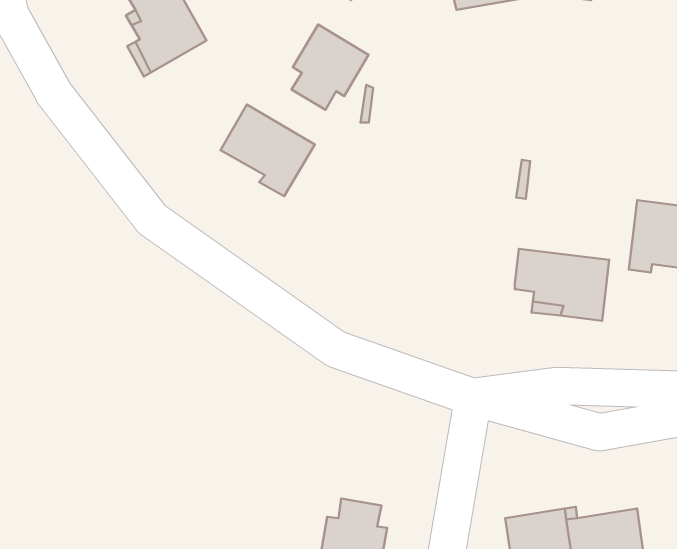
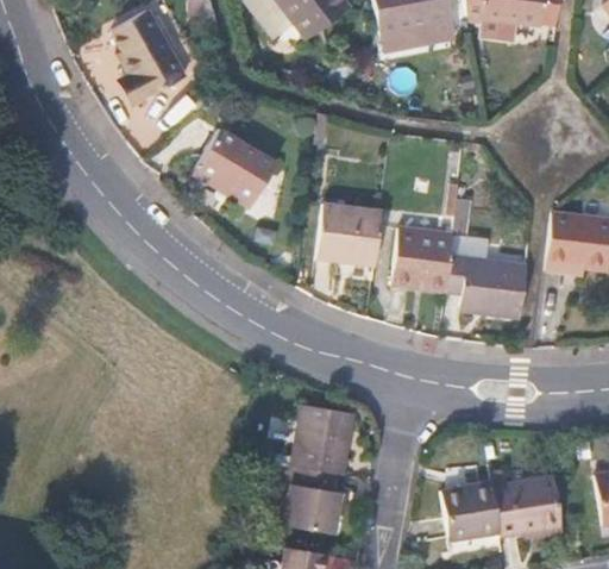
building: [291,24,368,110] -> none
building: none -> [318,204,383,267]
building: none -> [394,226,456,287]
building: none -> [289,406,352,476]

